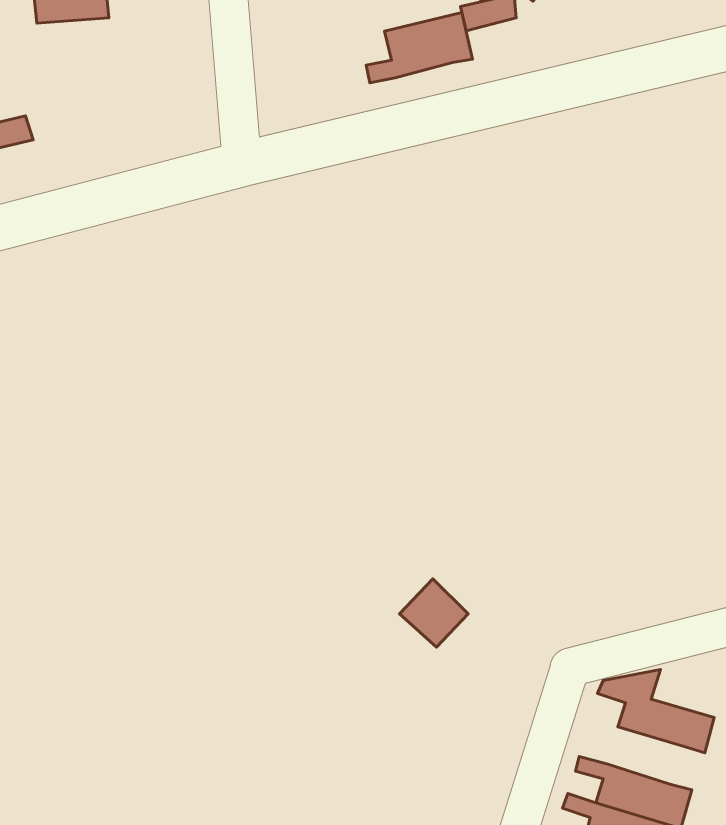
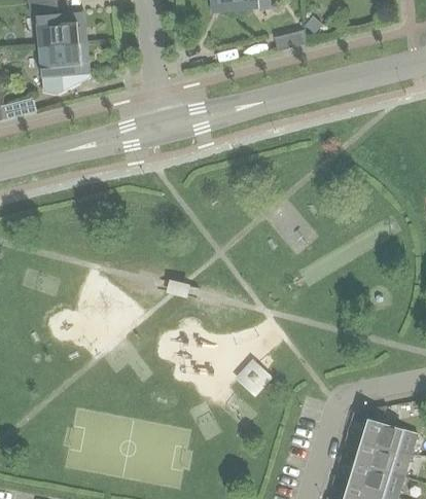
building: [366,12,473,83] -> none
building: none -> [39,44,81,78]
building: none -> [345,433,411,473]

